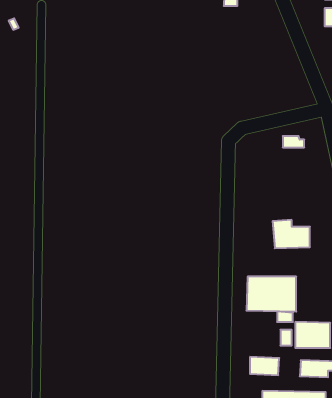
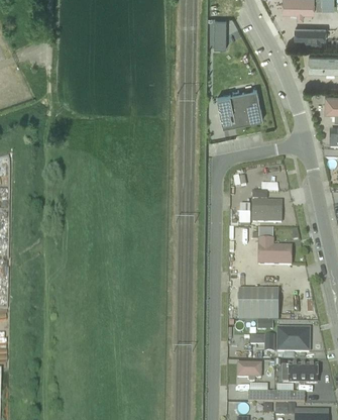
building: none -> [217,87,262,125]
building: none -> [248,197,279,220]

